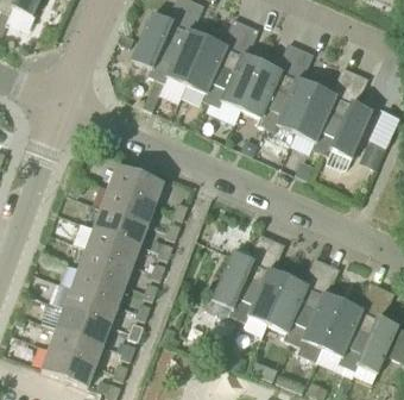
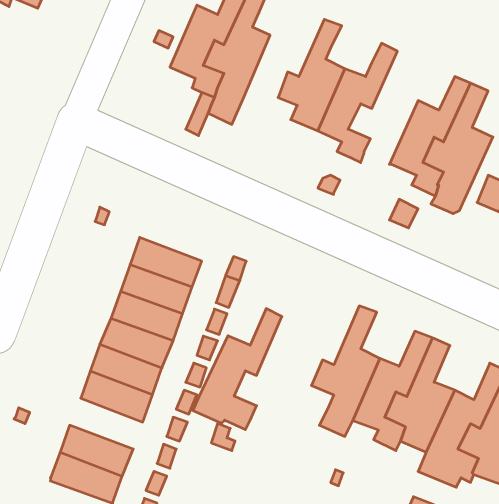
building: [185,17,246,106] -> none
building: [264,46,316,131] -> none
building: [108,164,163,204] -> none
building: [206,231,272,321] -> [193,309,282,430]
building: [56,306,111,344] -> none

